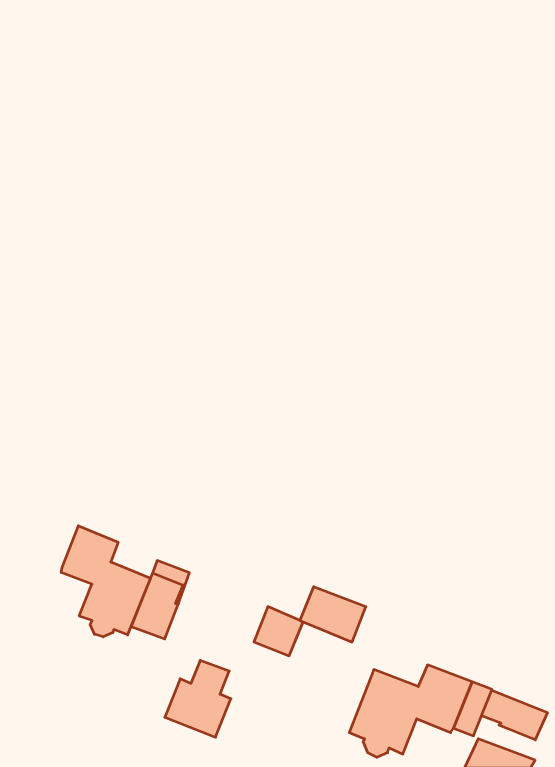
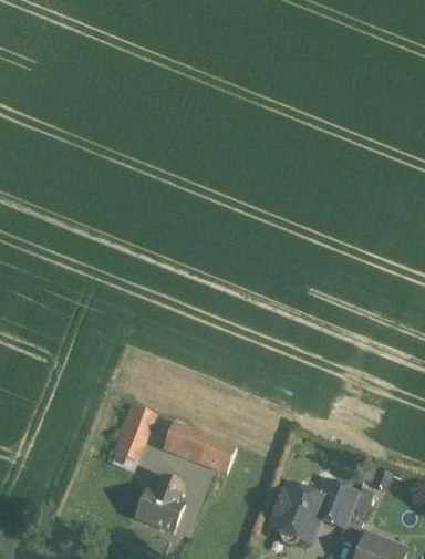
building: [61,526,150,637] -> none
building: [300,587,366,642] -> [163,423,210,463]
building: [482,690,547,740] -> none

